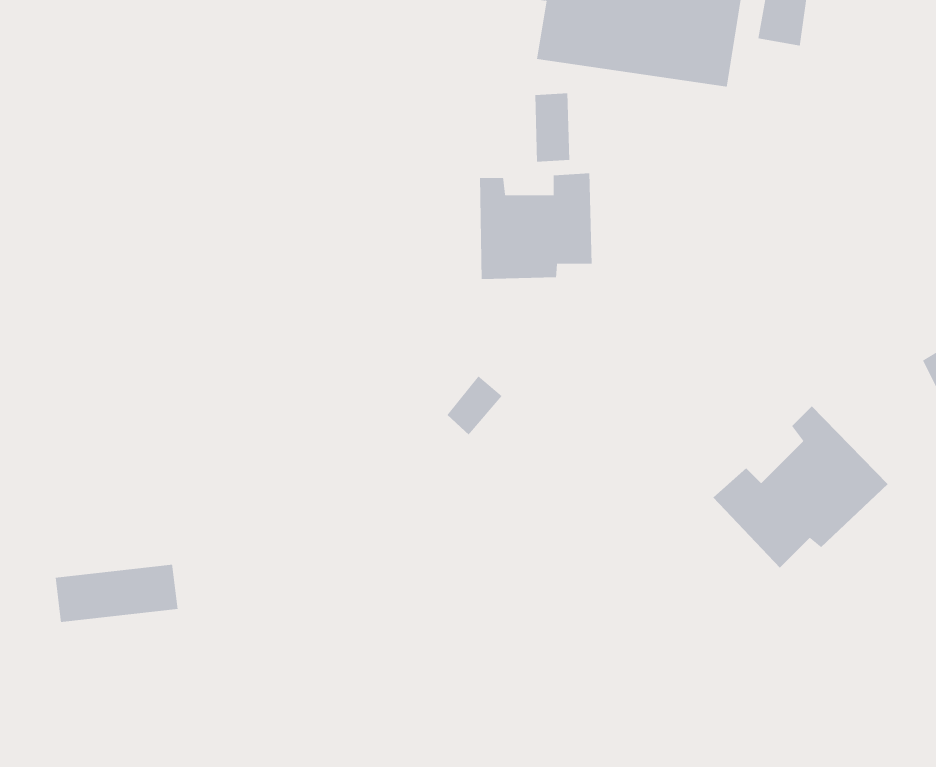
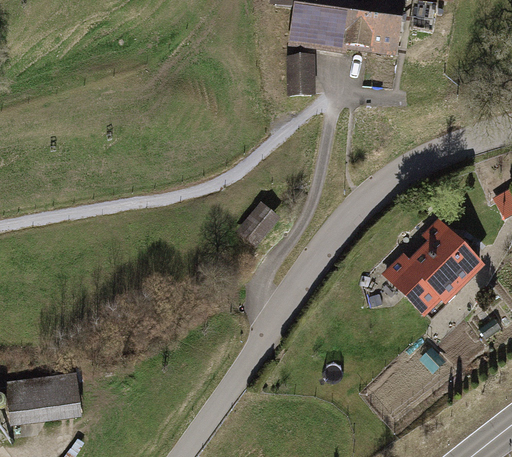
building: [480,173,592,280] -> none
building: [55,564,178,622] -> [9,379,75,410]

